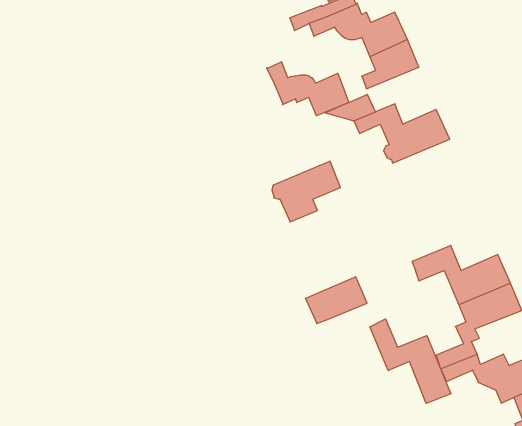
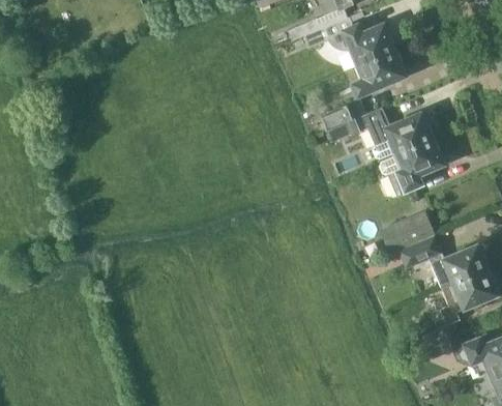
building: [267,62,349,116] -> none
building: [272,161,340,222] -> [381,139,443,194]
building: [305,277,367,324] -> [381,210,437,253]
building: [370,319,451,403] -> none

